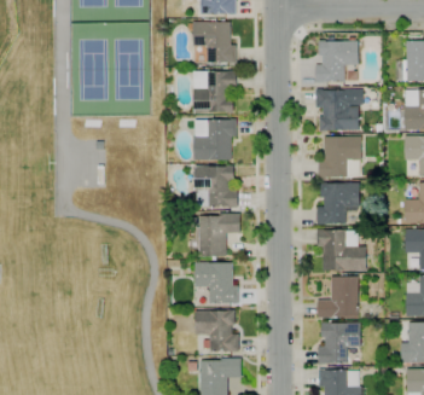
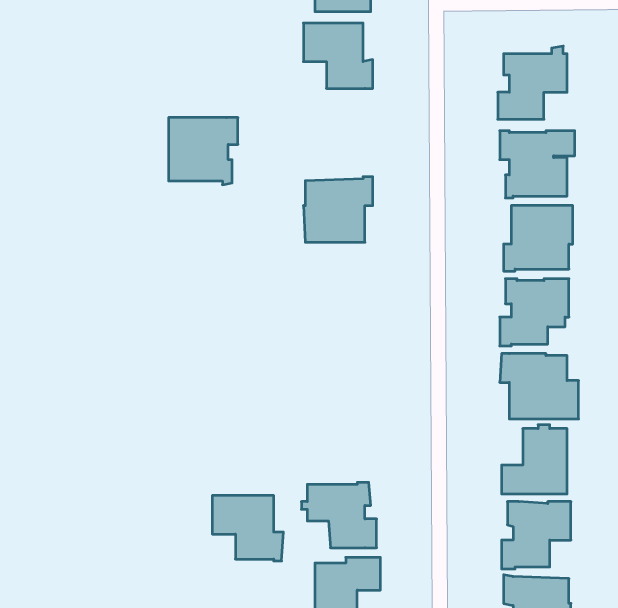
building: [193,71,237,114] -> [169,118,238,185]
building: [194,165,238,208] -> none
building: [199,214,240,257] -> none
building: [194,263,239,304] -> [212,496,283,561]

